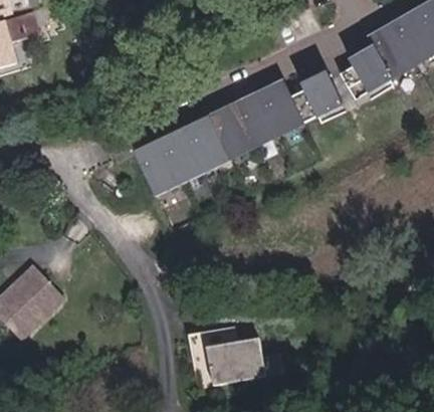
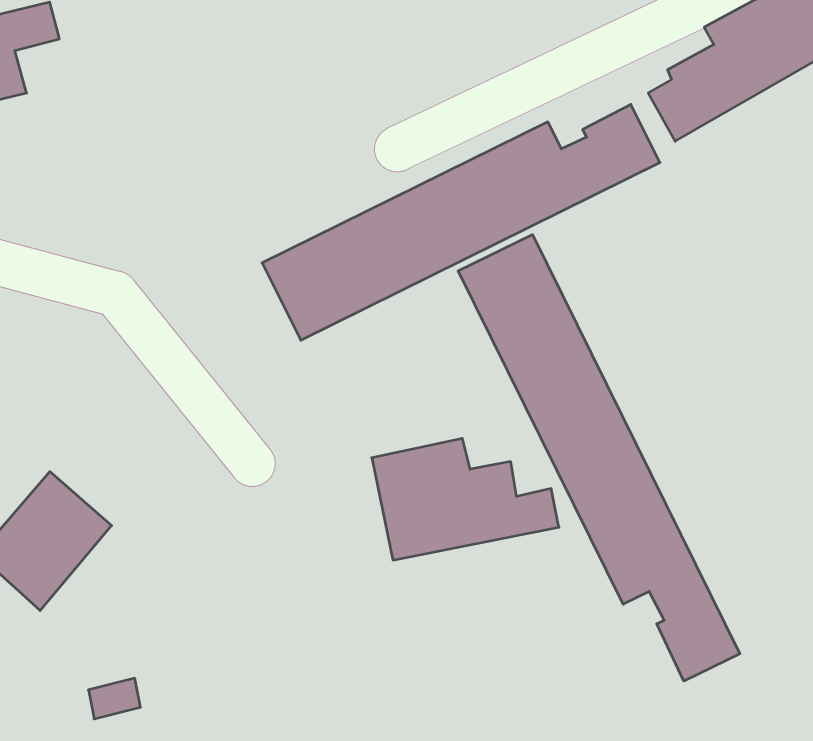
building: none -> [458,235,740,681]
building: [187,324,284,387] -> [372,438,559,560]

